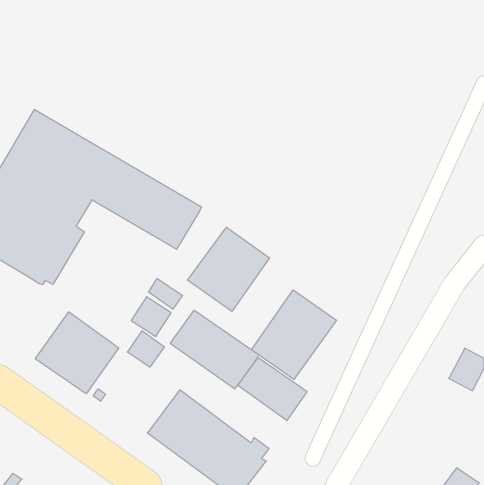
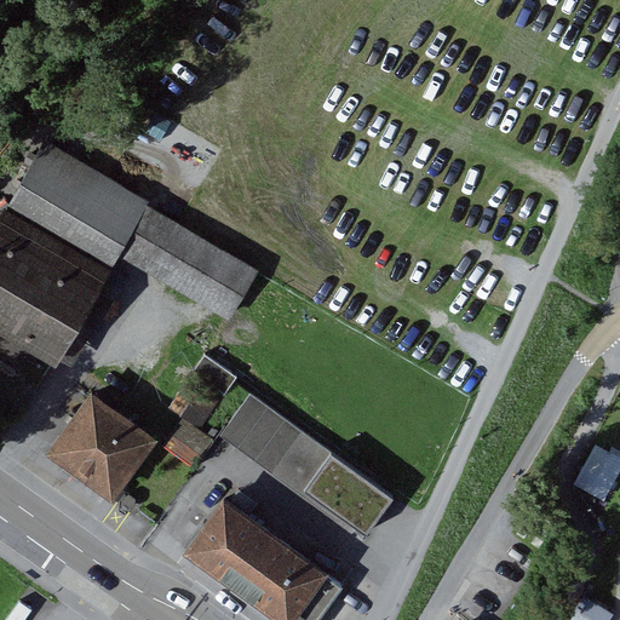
building: [188,227,270,311] -> none
building: [252,290,337,380] -> none

